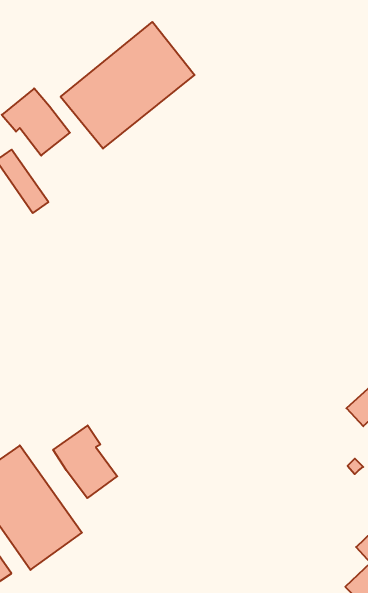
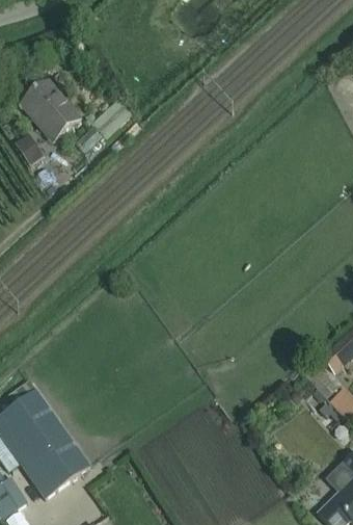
building: [61,22,195,149] -> none
building: [53,425,117,498] -> none

